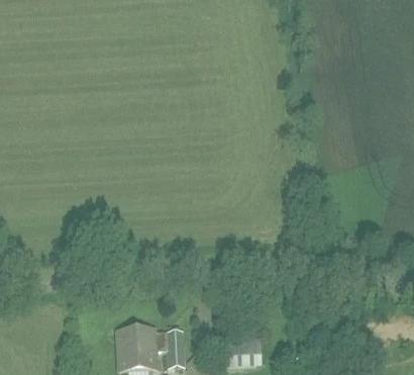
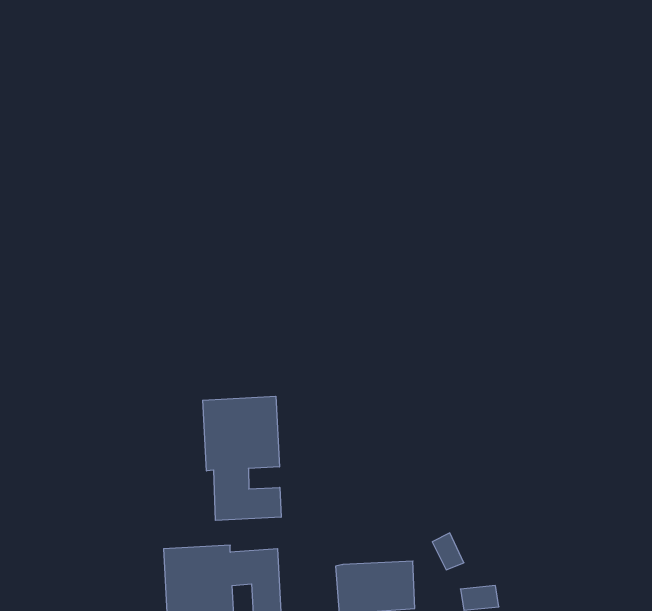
building: none -> [203,396,281,520]

